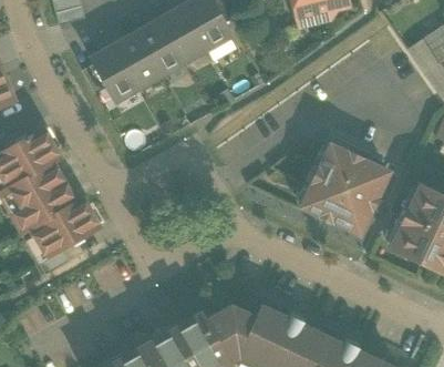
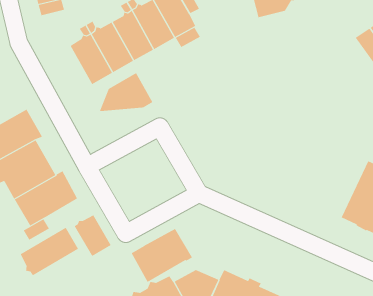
building: none -> [99,72,153,112]
building: [301,144,388,234] -> none
building: none -> [74,215,112,257]
building: none -> [20,227,79,276]
building: none -> [131,228,193,283]

